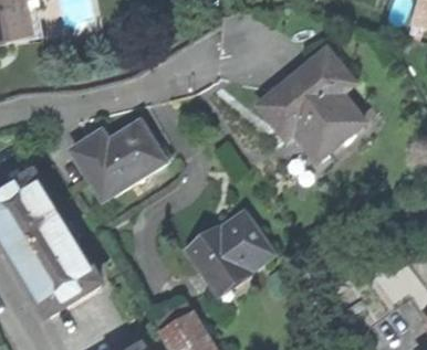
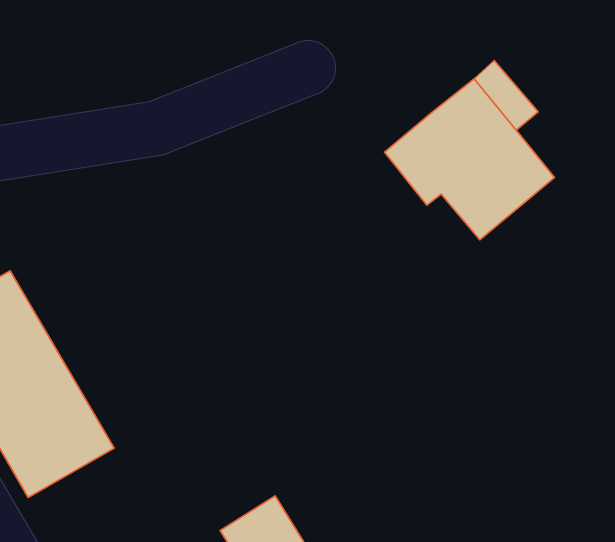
building: [70,121,164,200] -> none
building: [188,215,272,290] -> none

